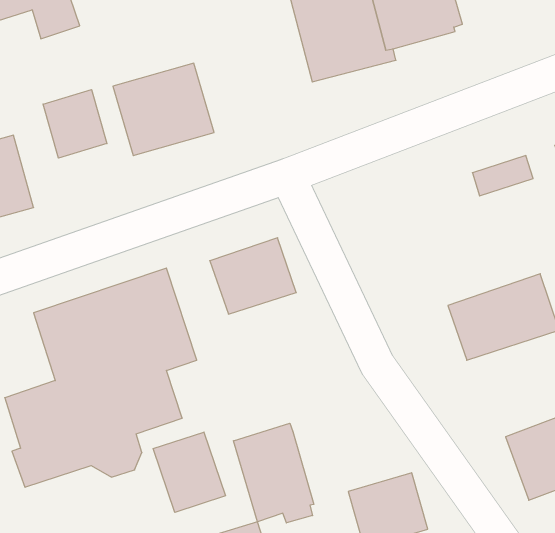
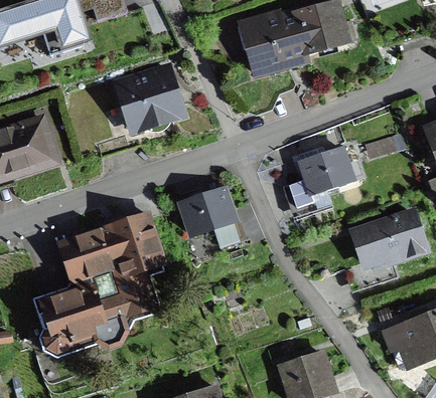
building: [43,90,107,158] -> none
building: none -> [296,145,352,198]
building: [233,423,314,523] -> none
building: [153,432,225,512] -> none

